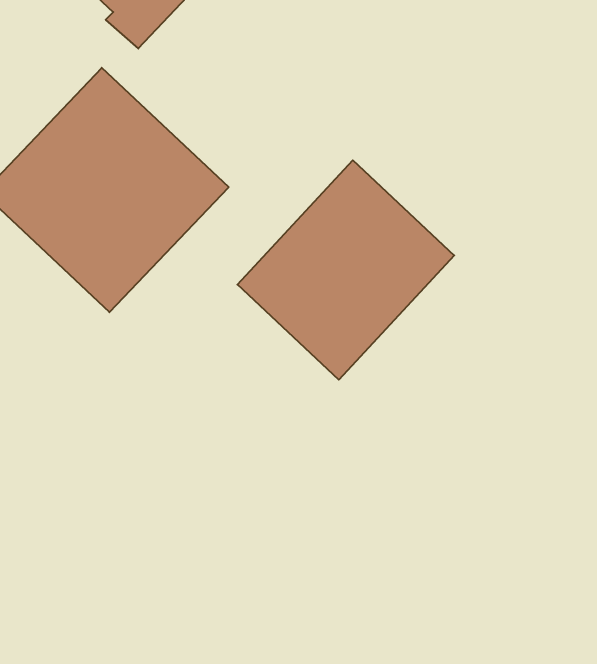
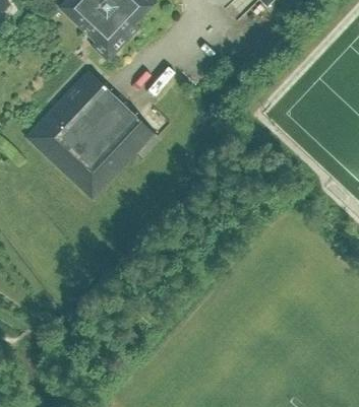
building: [237,160,454,380] -> none

